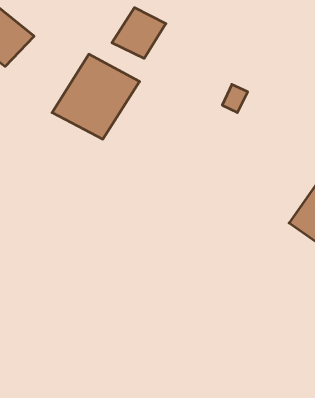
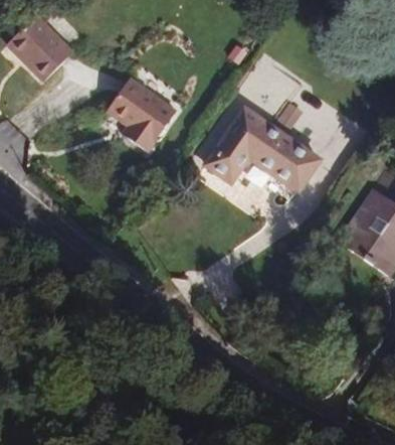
building: [112,8,166,58] -> none
building: none -> [209,108,323,189]

